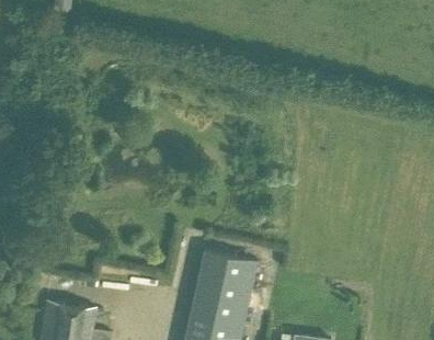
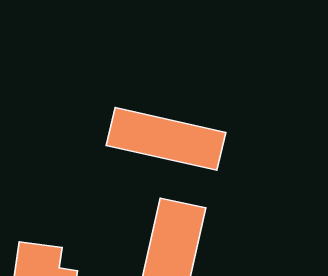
building: none -> [106,108,226,170]

